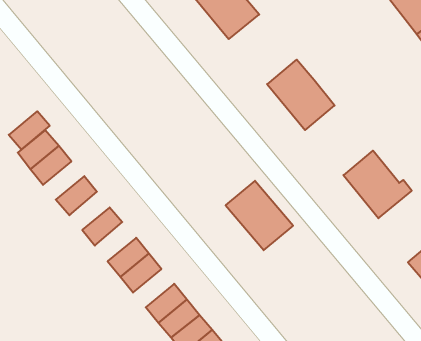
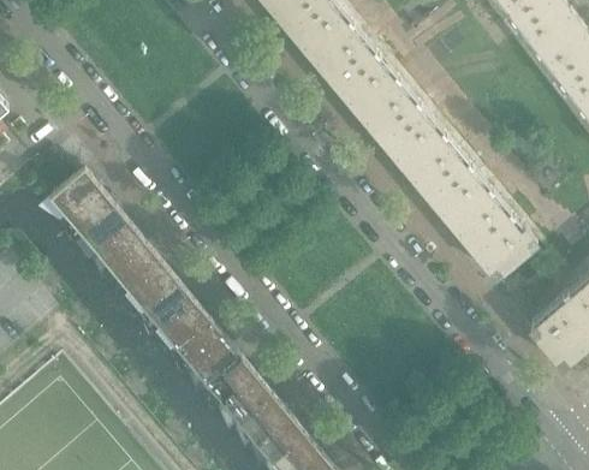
building: none -> [310,28,393,113]
building: [9,111,50,149] -> [82,208,132,255]
building: [226,181,293,250] -> [404,139,487,225]
building: none -> [114,245,163,292]
building: none -> [145,282,196,331]
building: none -> [192,340,243,387]

